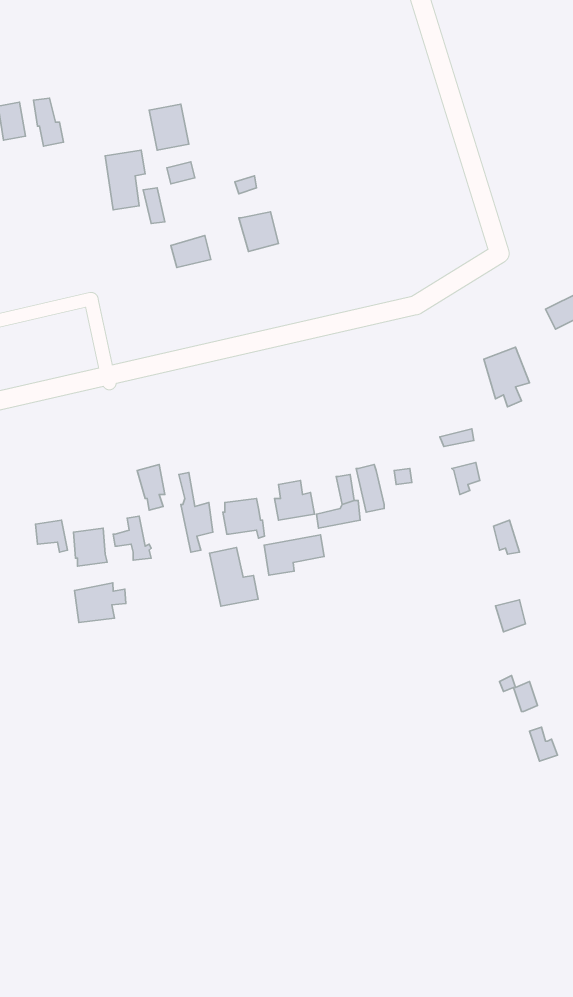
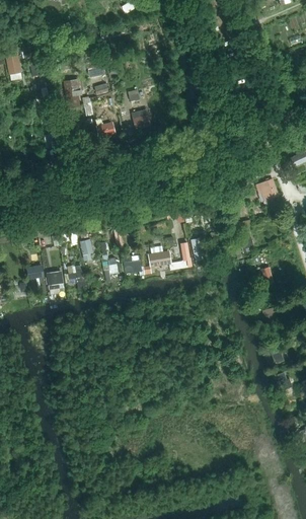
building: [264,535,324,575] -> none
building: [210,548,258,606] -> none
building: [74,583,126,623] -> none

